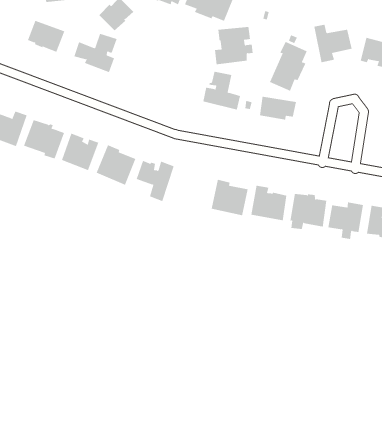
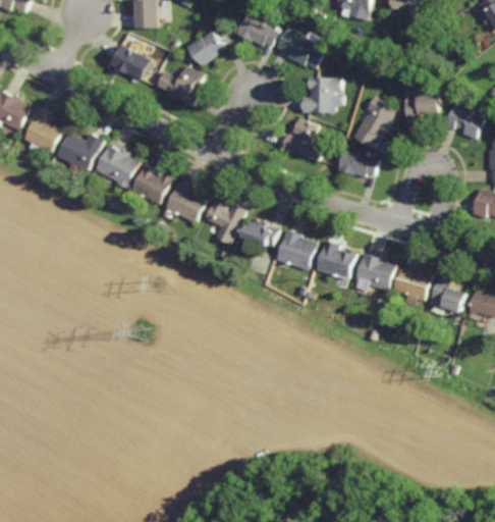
building: none -> [240,217,277,247]

